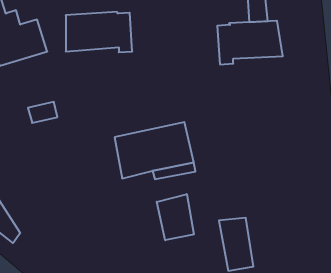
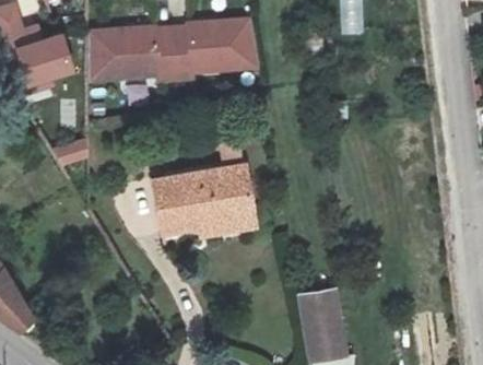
building: [217,21,283,64] -> [181,20,267,76]
building: [157,194,194,240] -> none

